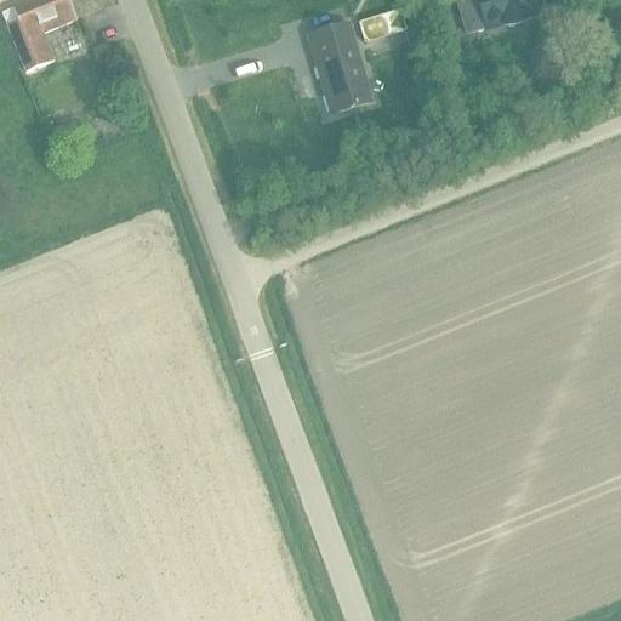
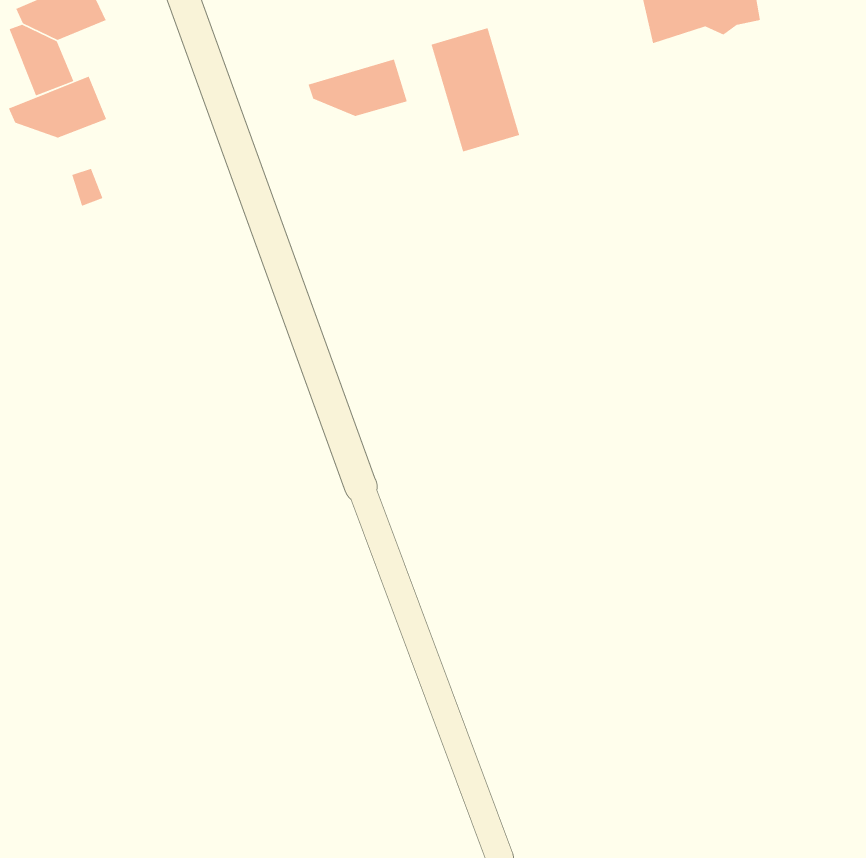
building: none -> [308,58,408,117]
building: none -> [8,76,107,139]

